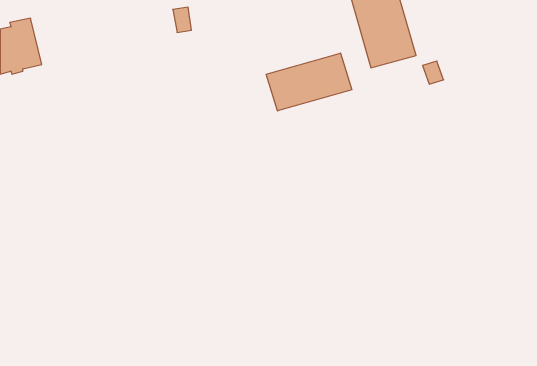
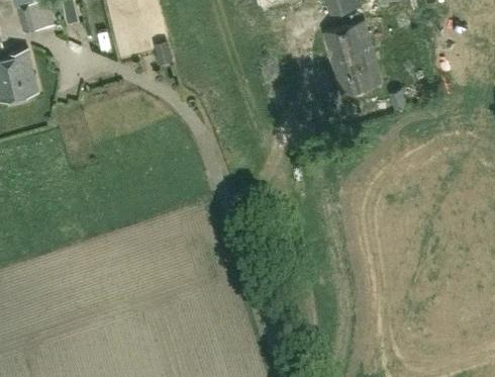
building: [266,53,352,111] -> none

